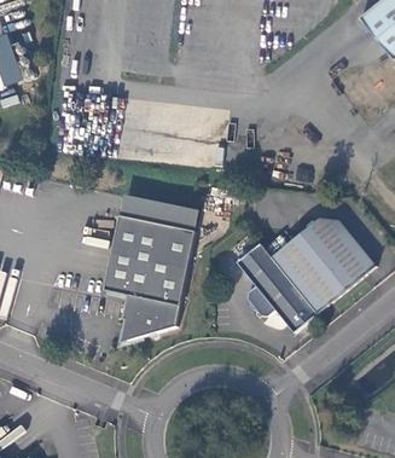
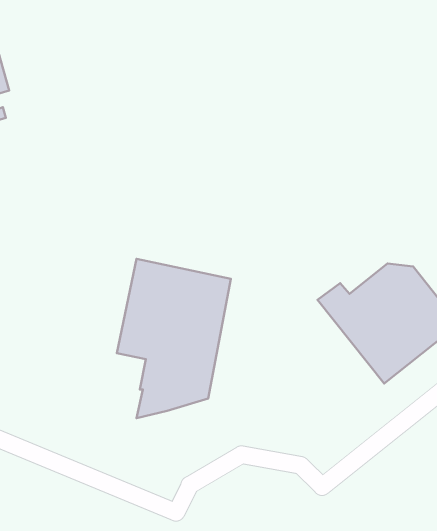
building: [121,191,201,230] -> none
building: [236,243,318,332] -> none

